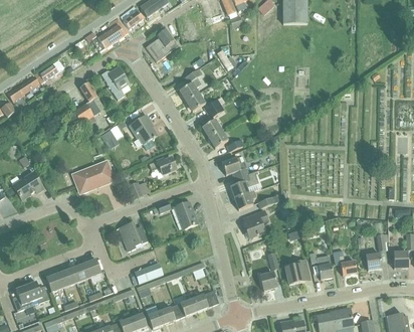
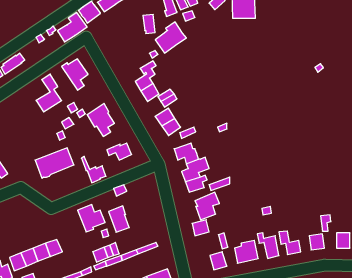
building: [145,28,178,61] -> [155,22,186,53]
building: [174,200,196,228] -> [109,206,129,232]

